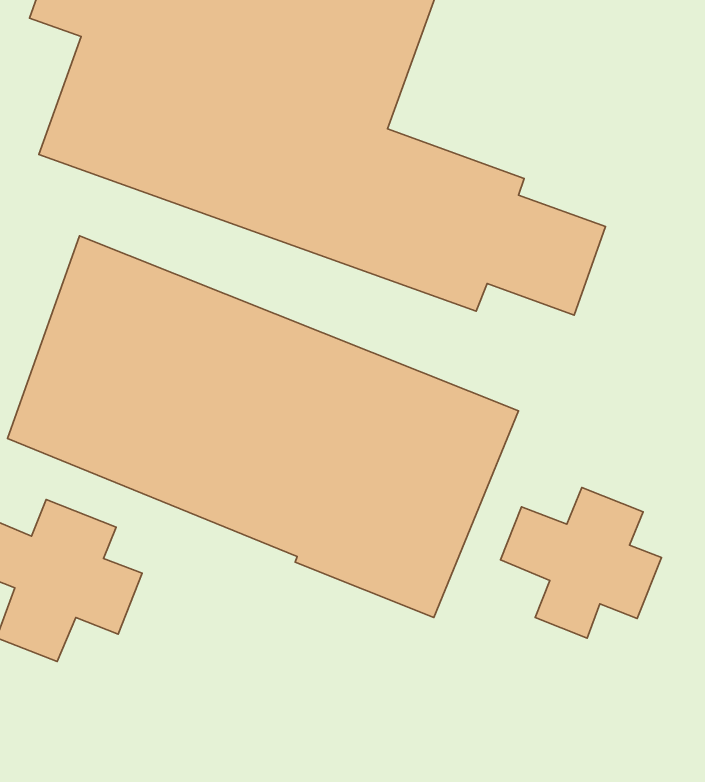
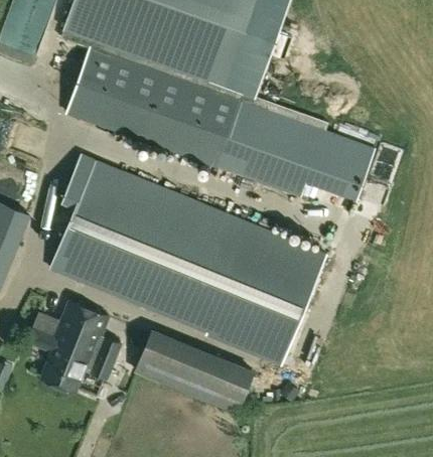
building: [500,487,661,638] -> none
building: none -> [135,333,252,412]

